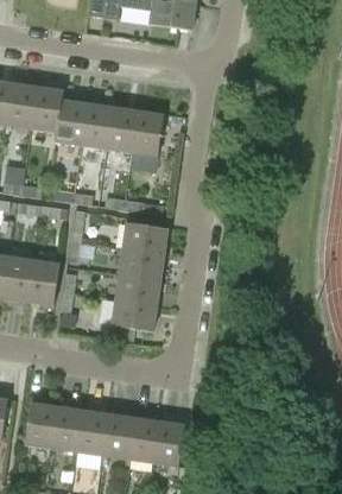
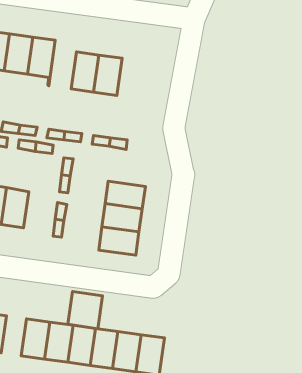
building: [56,90,87,145] -> none
building: [132,110,164,156] -> none
building: [122,222,169,254] -> none
building: [27,260,59,305] -> none
building: none -> [68,291,103,329]

